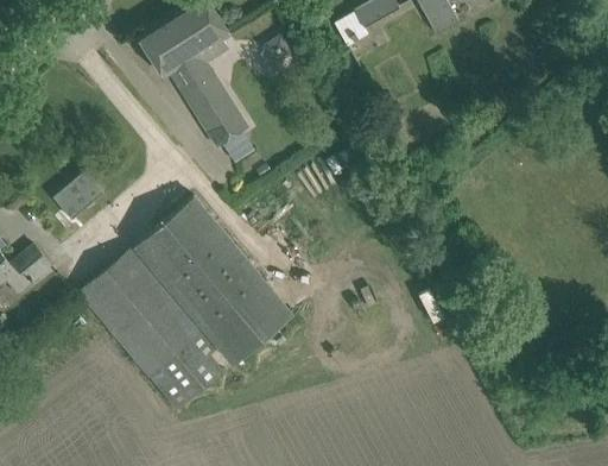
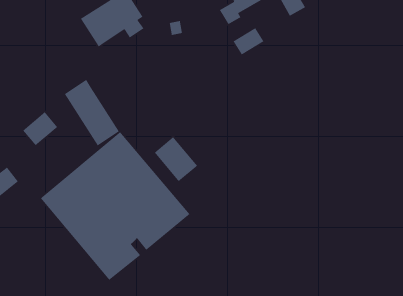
building: none -> [233,27,264,55]
building: [169,52,248,149] -> [64,79,120,146]
building: none -> [154,136,198,182]

